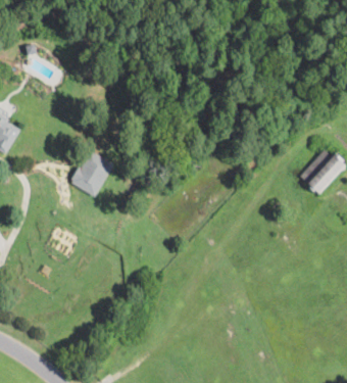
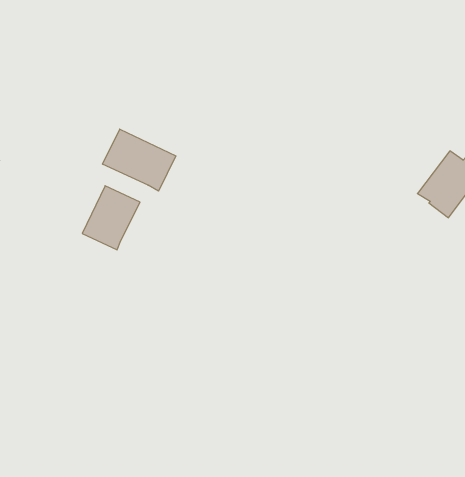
building: none -> [103,129,176,191]

